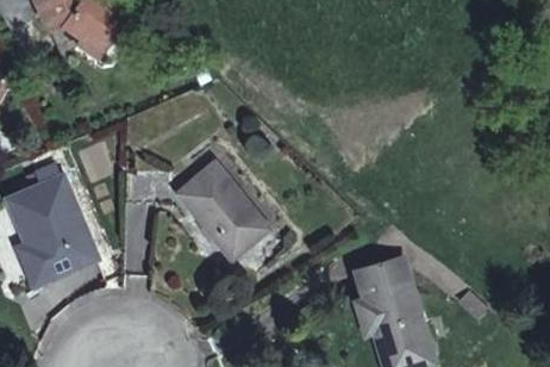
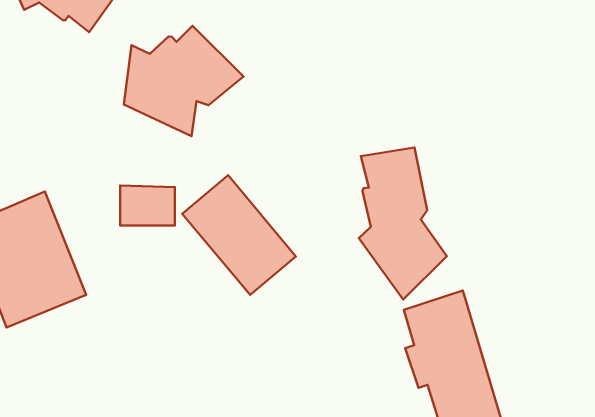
building: none -> [124,26,243,136]
building: none -> [359,147,447,300]

